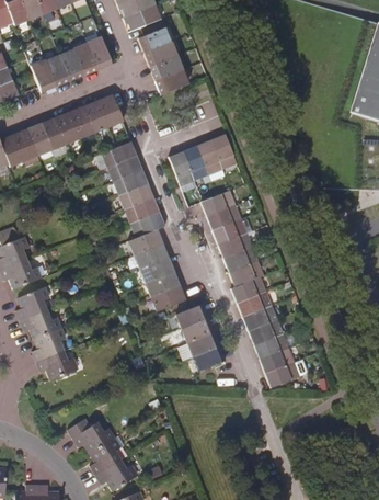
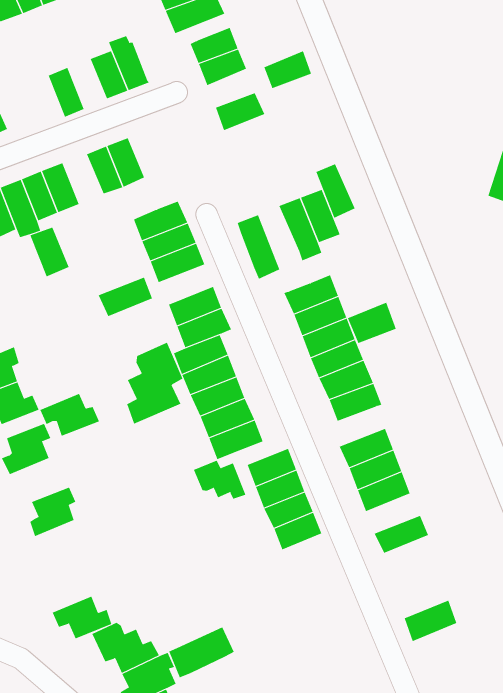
building: [58,47,83,80] -> none
building: [149,54,181,79] -> [263,51,312,89]
building: [30,58,56,91] -> none
building: [97,92,123,125] -> none
building: [55,110,81,143] -> [29,227,70,277]
building: [183,144,209,180] -> [316,163,356,218]
building: [117,182,153,208] -> [98,277,153,317]
building: none -> [347,302,396,344]
building: none -> [126,342,183,425]
building: [230,275,266,302] -> none
building: [20,309,59,338] -> [40,393,100,437]
building: none -> [193,460,246,500]
building: [253,332,289,359] -> none
building: [36,350,76,378] -> [52,596,112,639]
building: [265,360,300,387] -> [404,600,457,642]
building: none -> [169,627,234,678]

